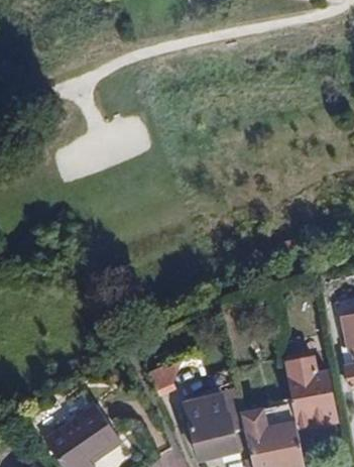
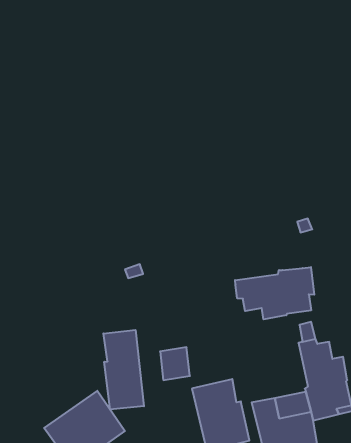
building: none -> [235,267,314,319]
building: none -> [103,330,144,409]

